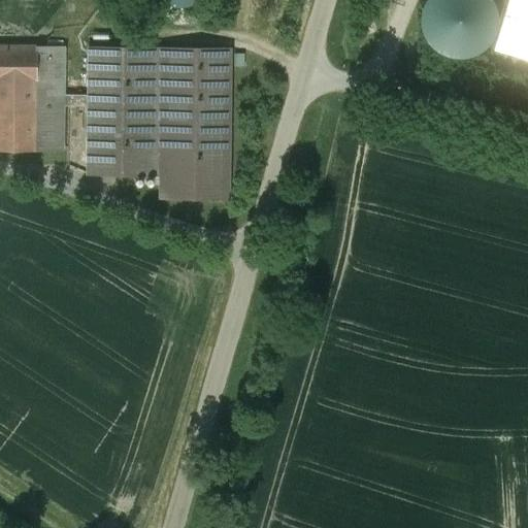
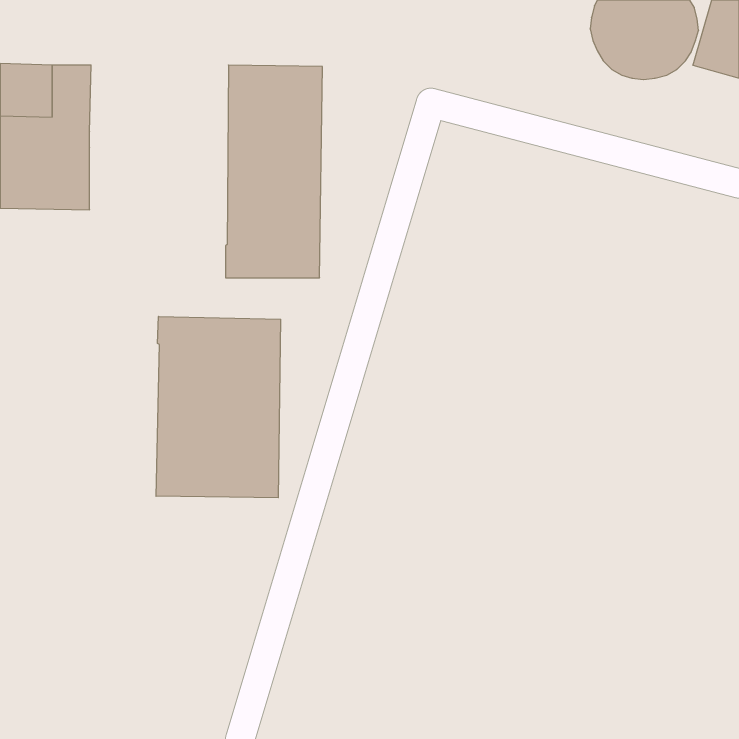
building: [64,46,157,174] -> none
building: none -> [156,316,281,498]

